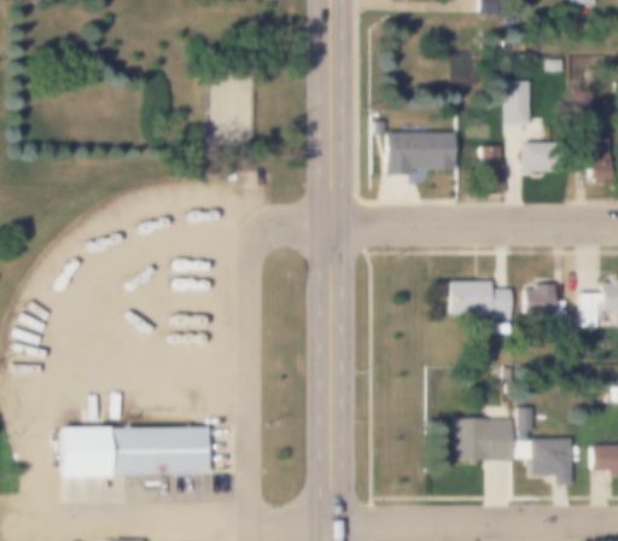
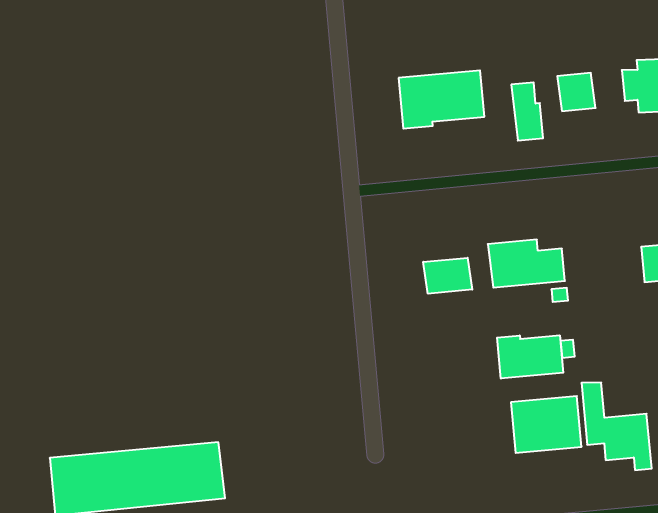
building: [506,99,531,126] -> none
building: [521,284,567,320] -> none
building: none -> [423,258,472,294]
building: none -> [497,335,563,379]

